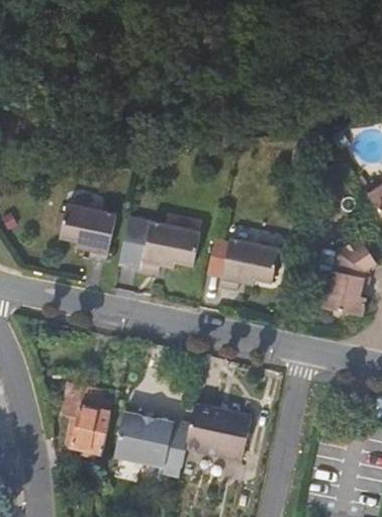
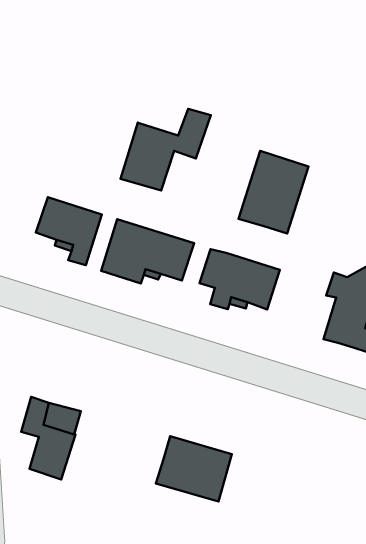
building: none -> [120,109,211,191]
building: none -> [239,151,308,234]
building: [115,416,190,478] -> none

